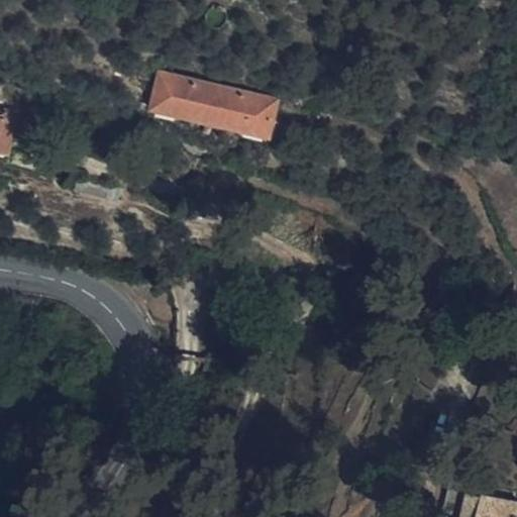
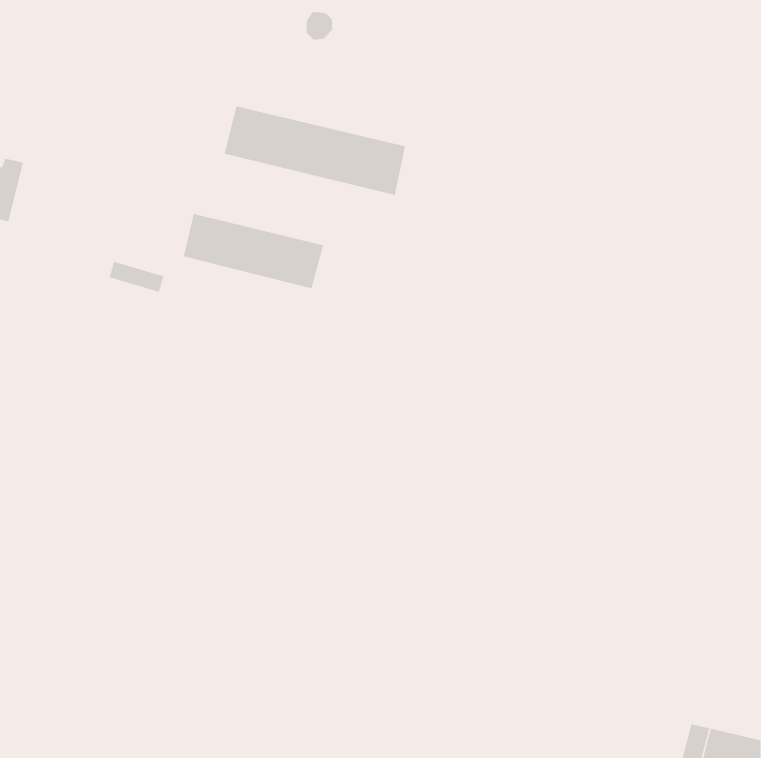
building: none -> [183,213,324,289]

